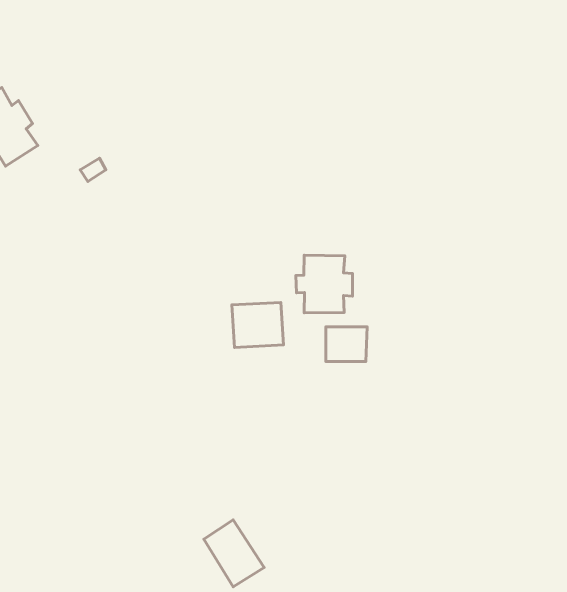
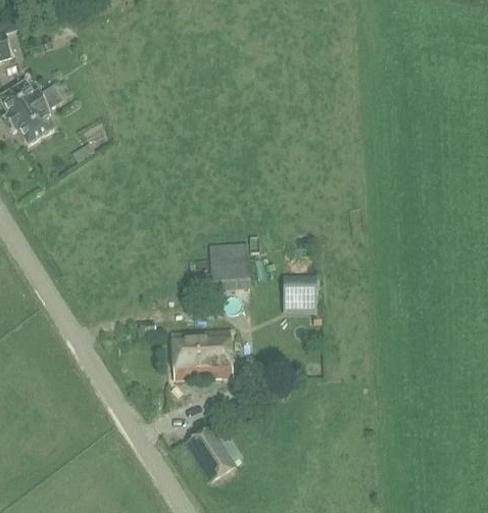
building: [296,255,352,313] -> none
building: none -> [172,329,232,378]

